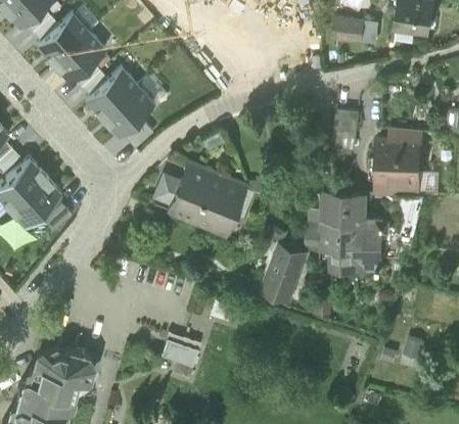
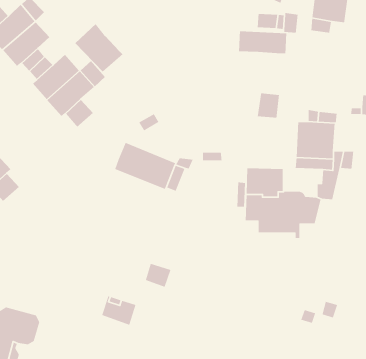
building: none -> [75,23,124,72]
building: none -> [238,30,287,54]
building: [155,177,231,237] -> none
building: [261,243,306,302] -> none

